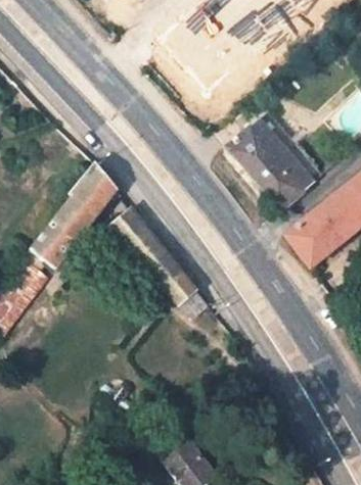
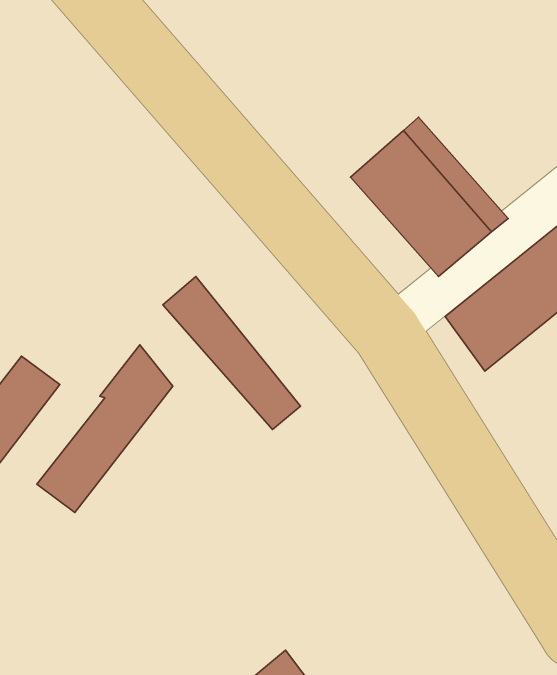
building: [32,163,116,266] -> [37,345,173,512]

